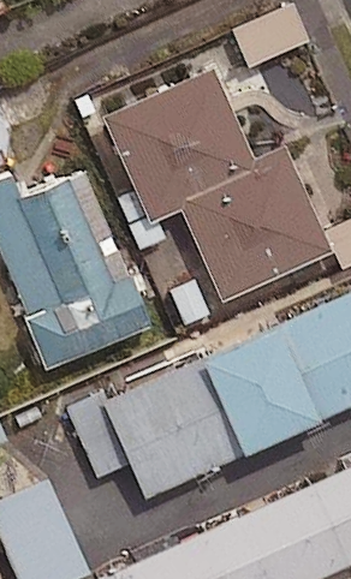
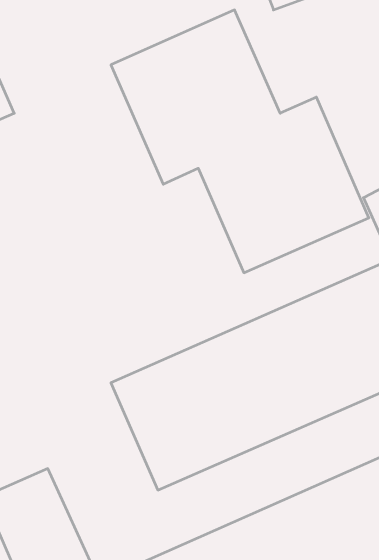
building: [16,178,150,369] -> none

